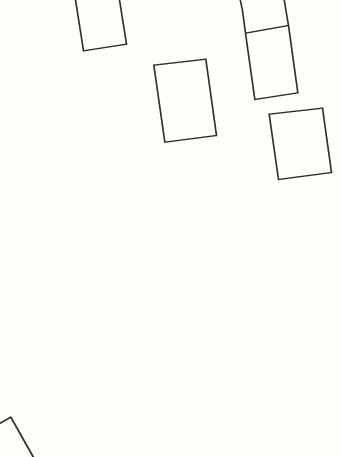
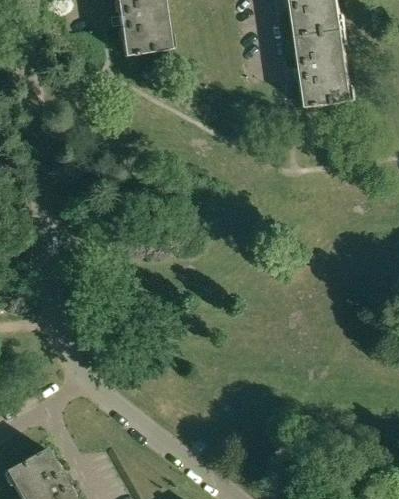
building: [154,59,217,142] -> none
building: [269,108,332,179] -> none

